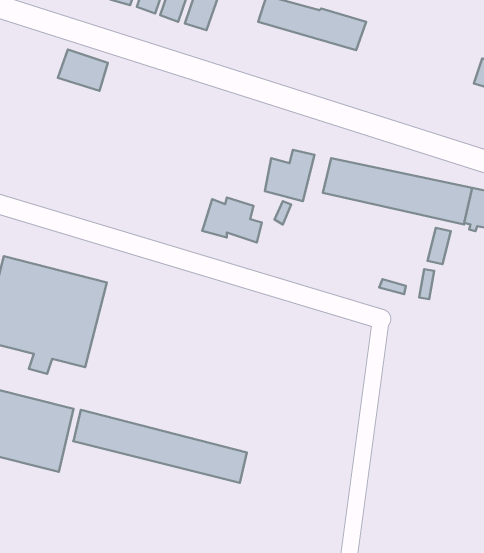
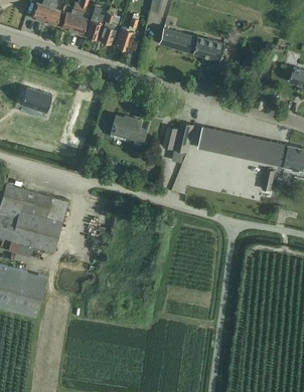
building: [58,49,108,91] -> [21,86,51,112]
building: [202,198,262,242] -> [110,117,146,144]
building: [73,410,247,483] -> none

